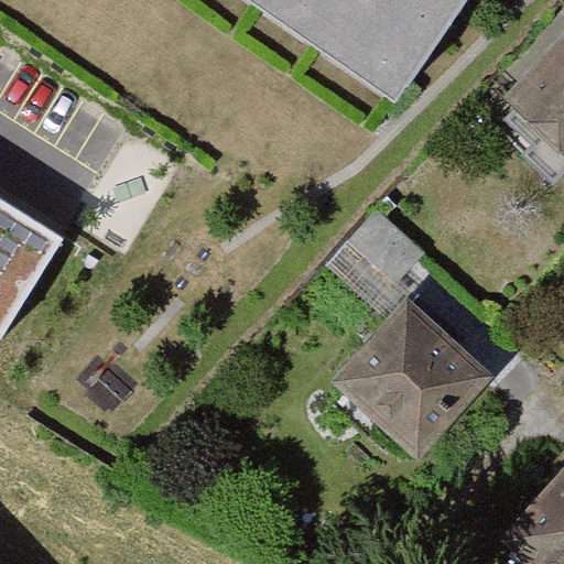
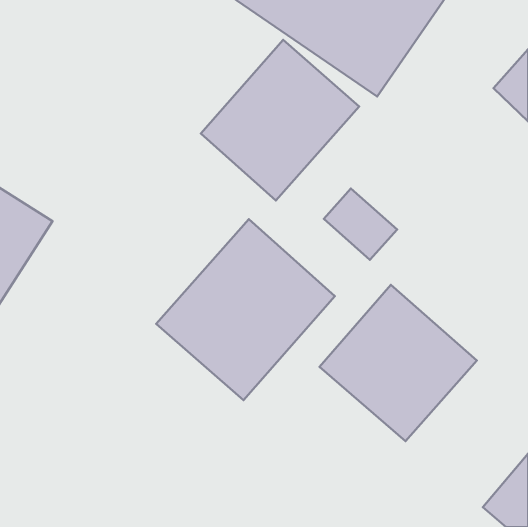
building: none -> [201,40,359,201]
building: none -> [156,219,335,400]

